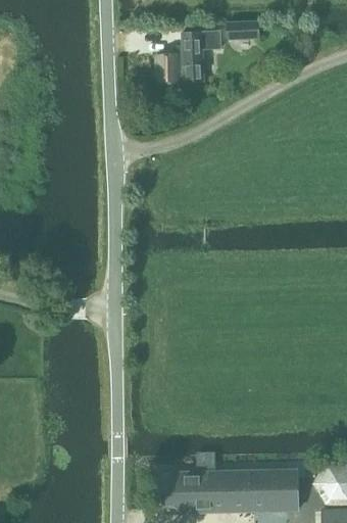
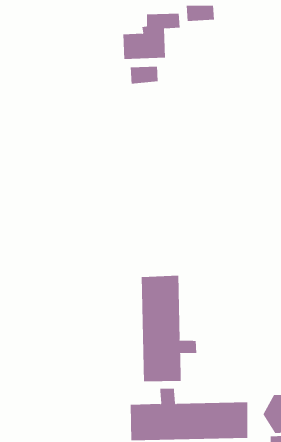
building: none -> [130,66,158,85]
building: none -> [141,275,197,382]

